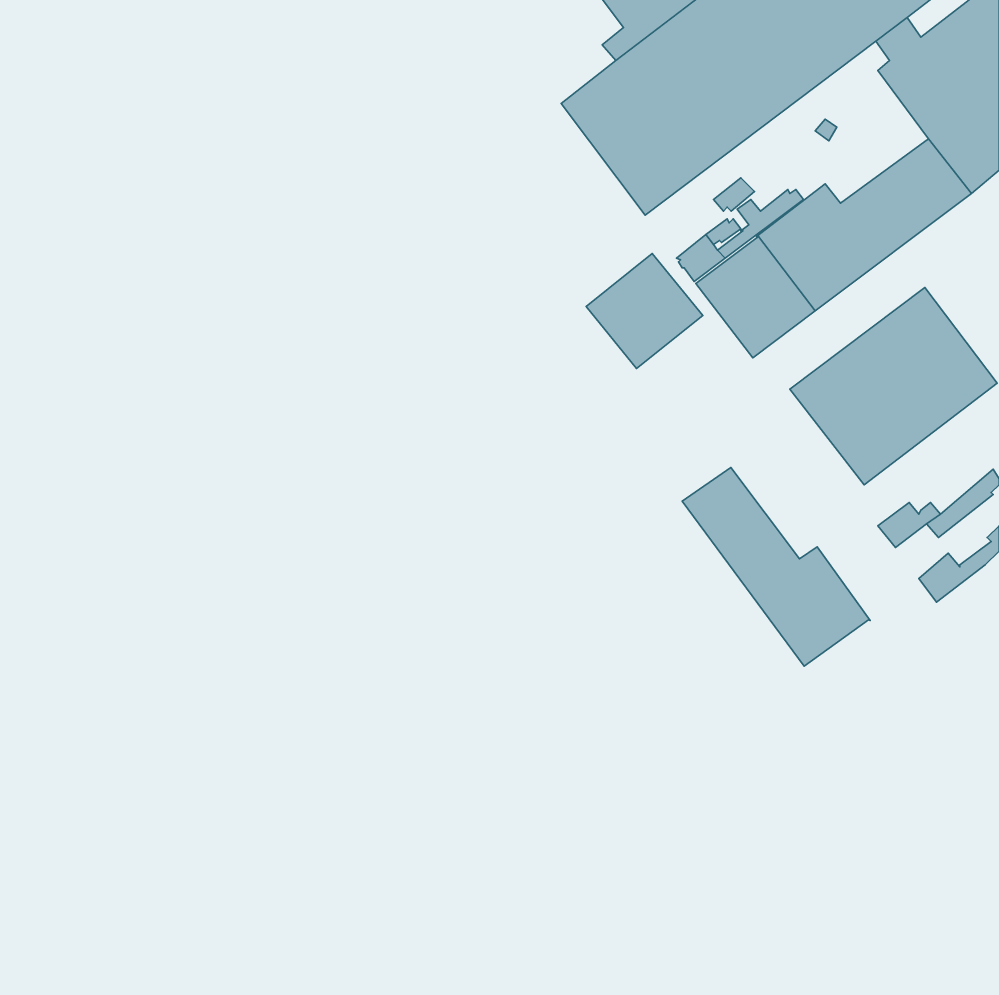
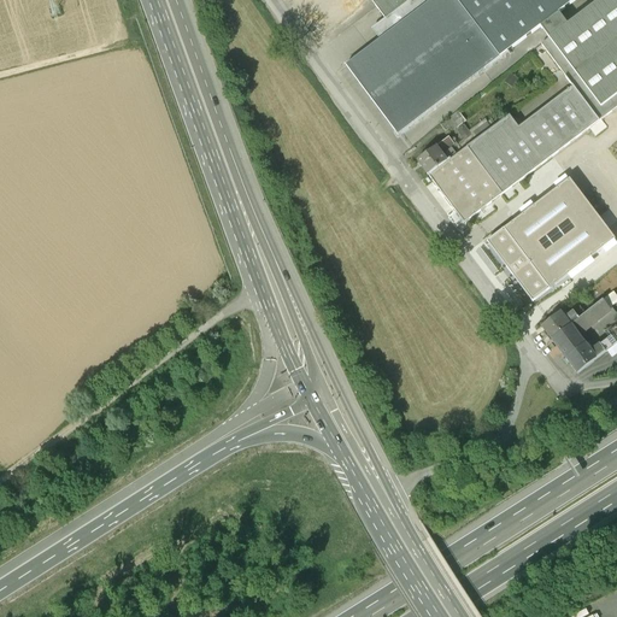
building: [586,253,703,369] -> none
building: [682,468,870,666] -> none
building: none -> [552,323,584,357]

